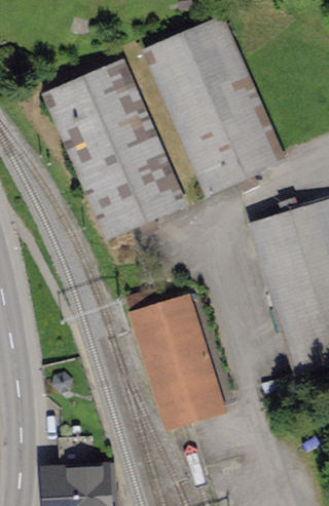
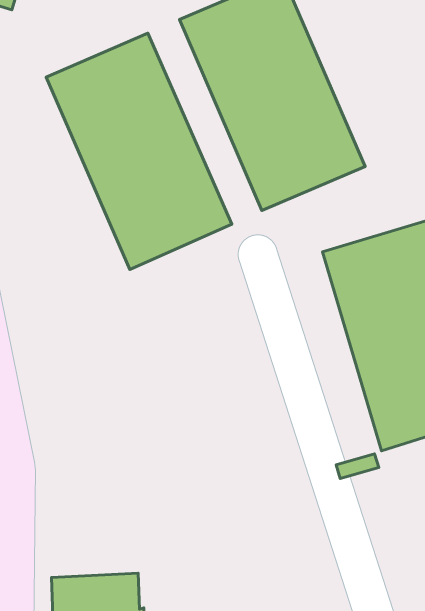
building: [132,288,219,421] -> none

